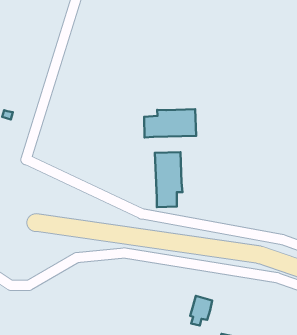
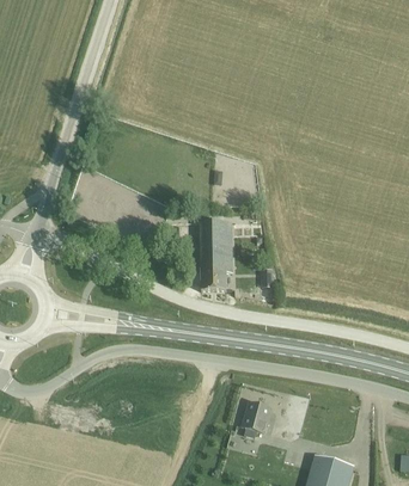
building: [144,109,196,137] -> none

